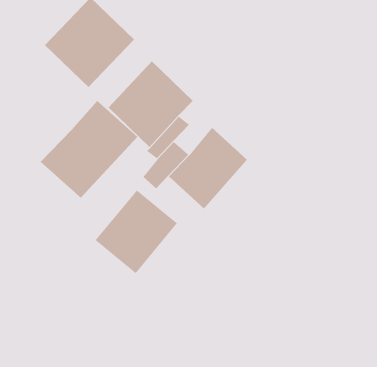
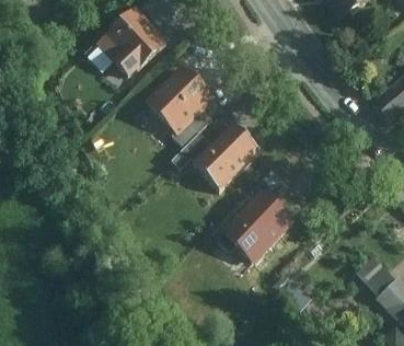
building: [40,100,138,198] -> none
building: [95,189,178,274] -> [219,192,290,263]

